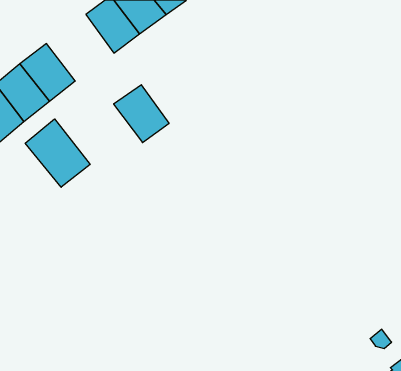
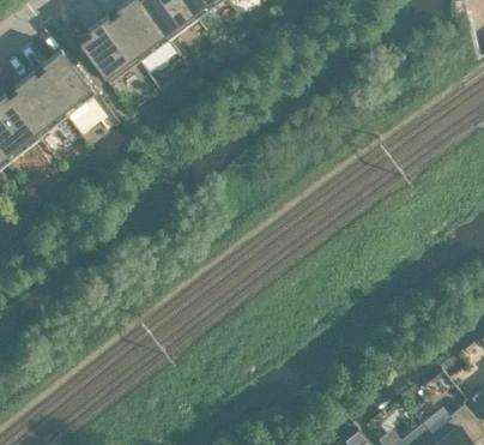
building: [114,85,169,143] -> [77,19,139,84]
building: [25,119,90,187] -> none

